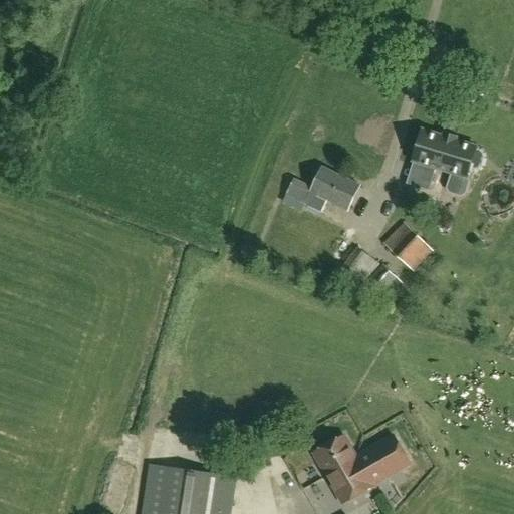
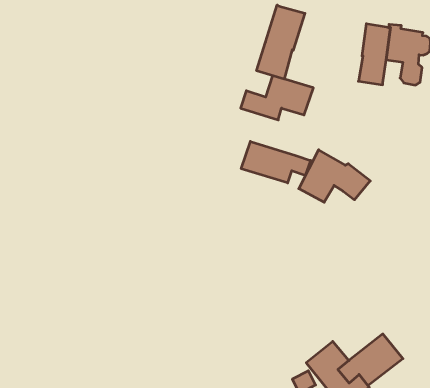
building: none -> [257,5,305,79]
building: [384,223,433,271] -> none
building: none -> [241,141,311,183]

